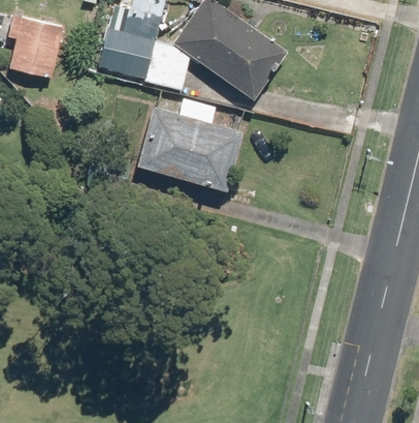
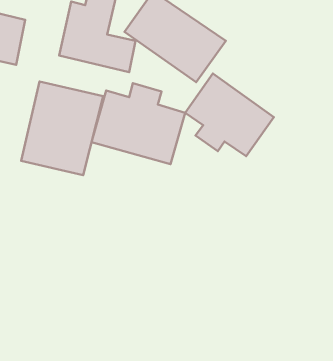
building: none -> [185,73,274,156]
building: none -> [21,82,103,175]

